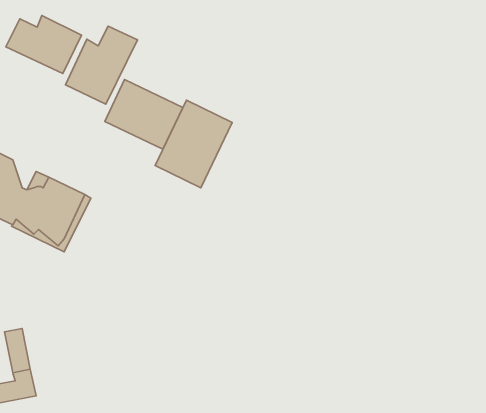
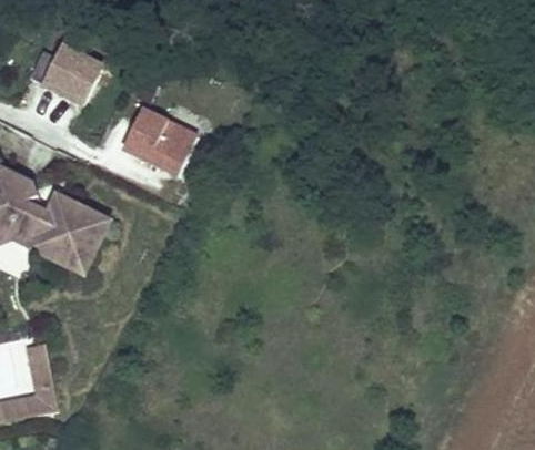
building: [66,26,138,104] -> none
building: [155,100,232,188] -> none

